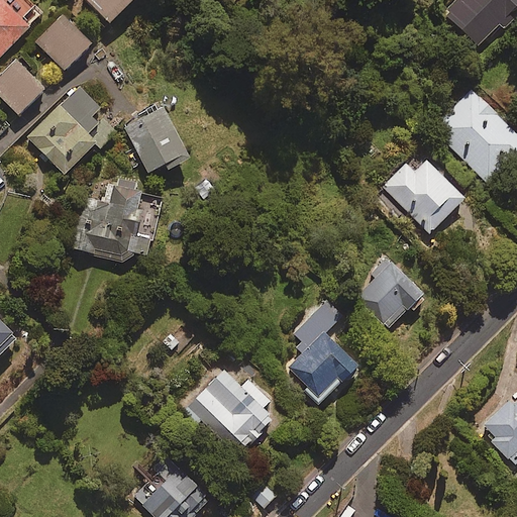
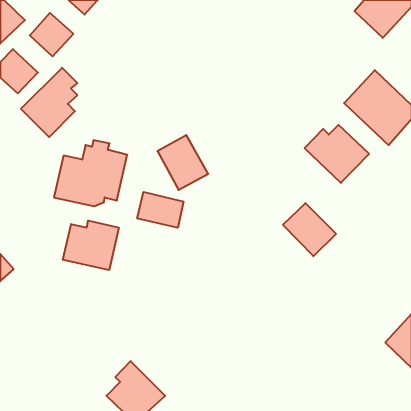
building: [123,105,187,174] -> [157,135,208,190]
building: none -> [137,192,184,228]
building: none -> [63,221,119,270]
building: [286,300,354,399] -> none
building: [185,358,270,452] -> none

